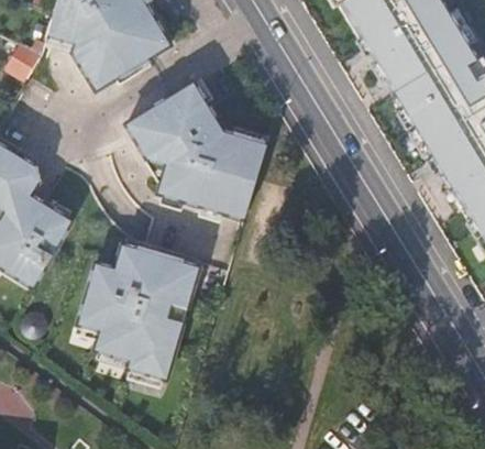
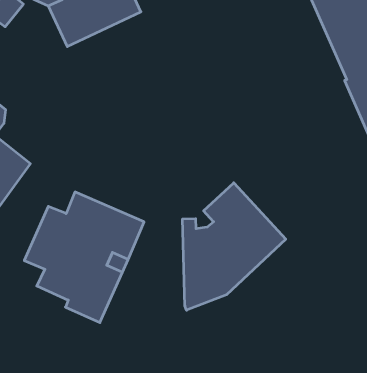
building: [125,81,266,213] -> none
building: none -> [183,183,286,310]

